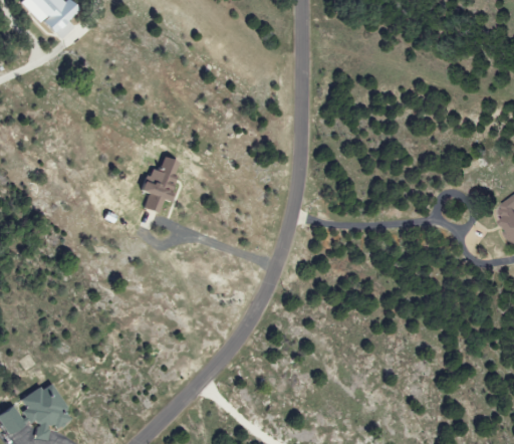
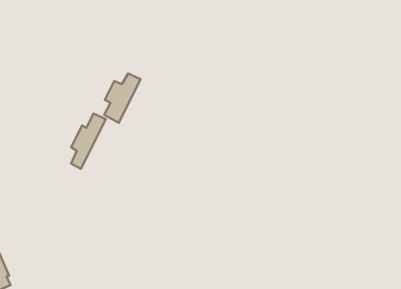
building: none -> [71,114,106,169]

